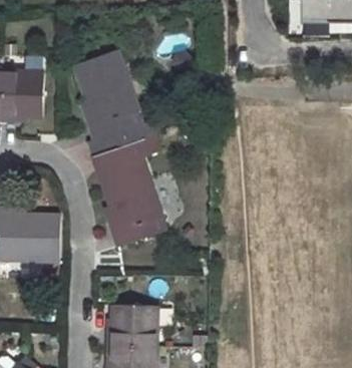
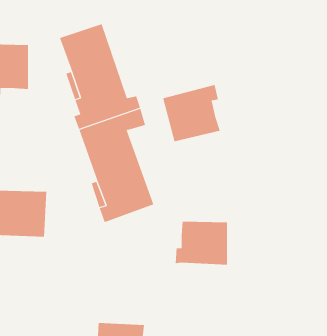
building: none -> [162,84,220,142]
building: [105,304,157,347] -> [175,221,228,265]

